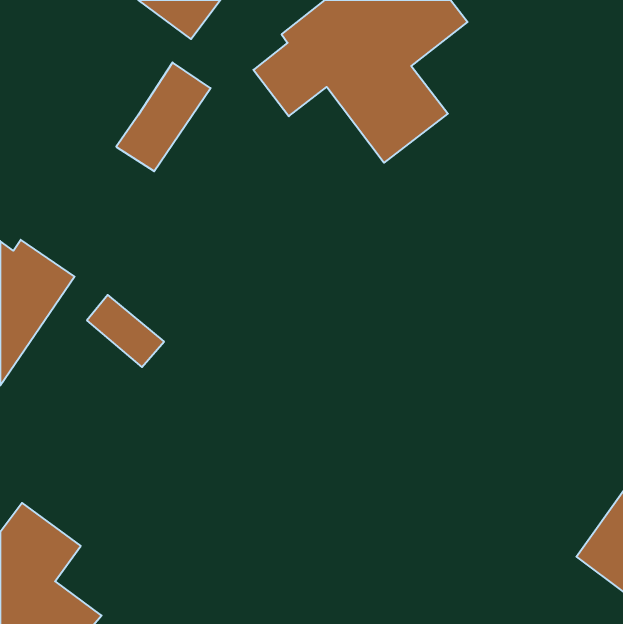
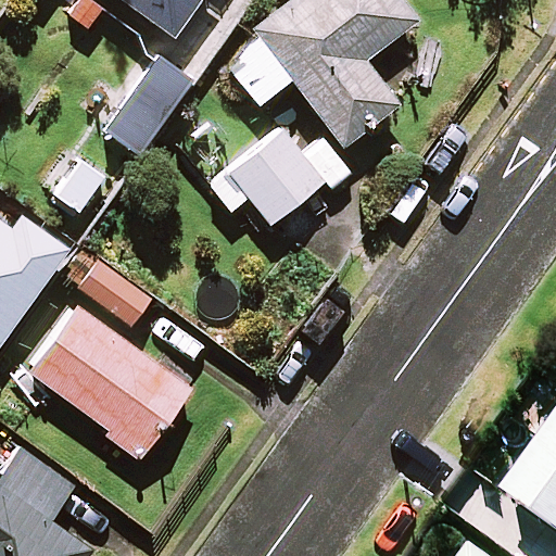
building: none -> [212,128,325,224]
building: none -> [29,304,188,453]

